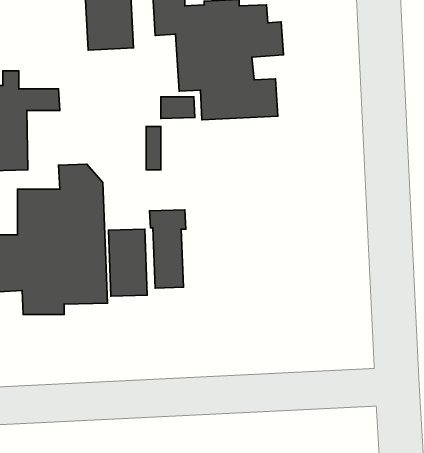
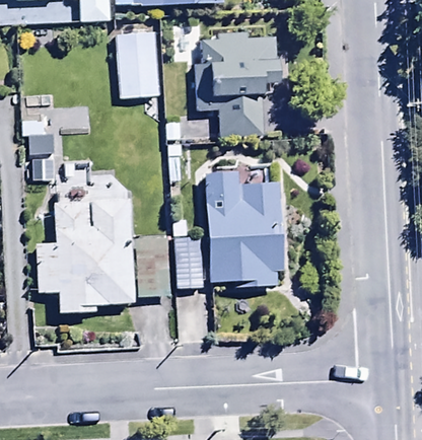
building: none -> [205,171,283,290]

